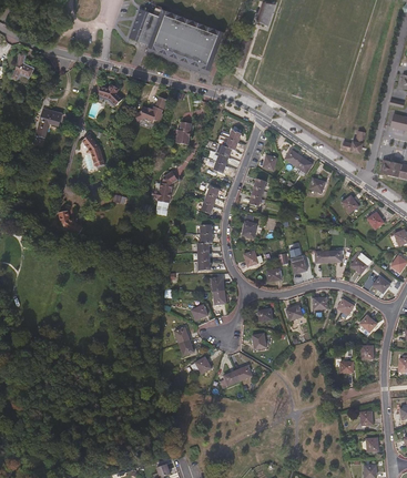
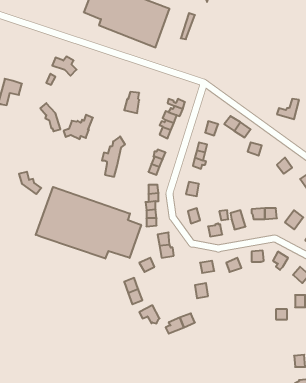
building: [133,96,165,123] -> [64,115,93,139]
building: none -> [36,187,141,259]

